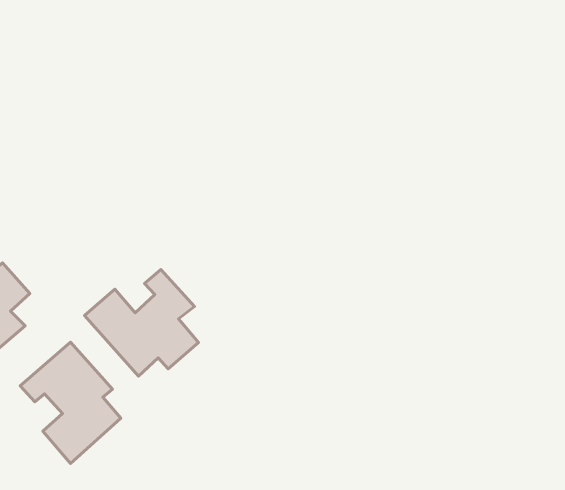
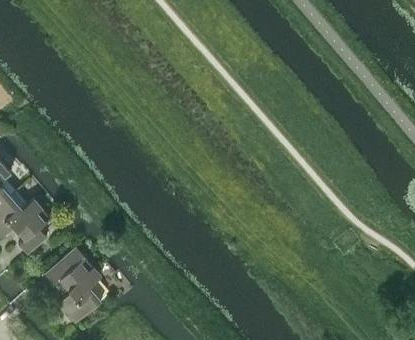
building: [85,270,199,376] -> none

